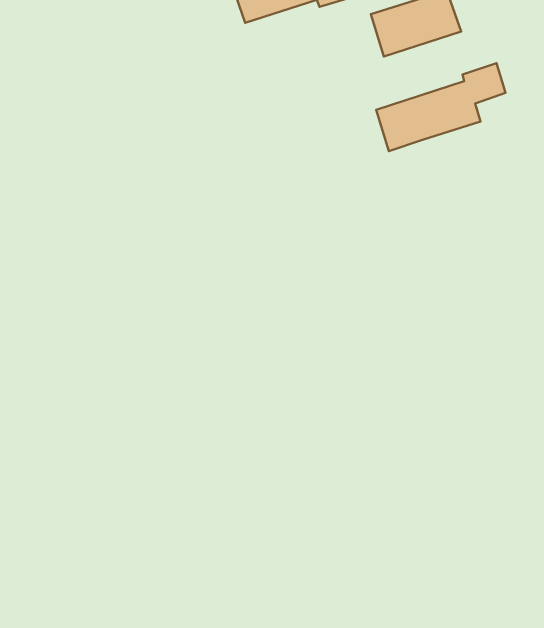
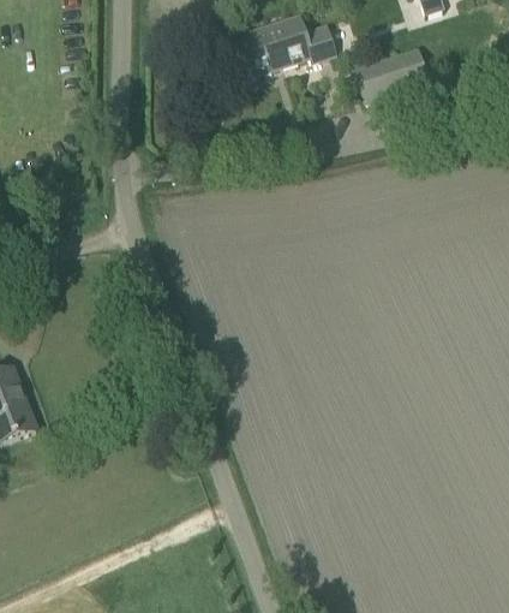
building: [376,63,505,151] -> none

